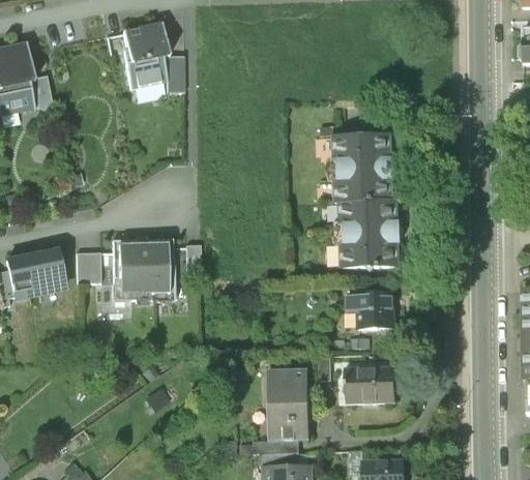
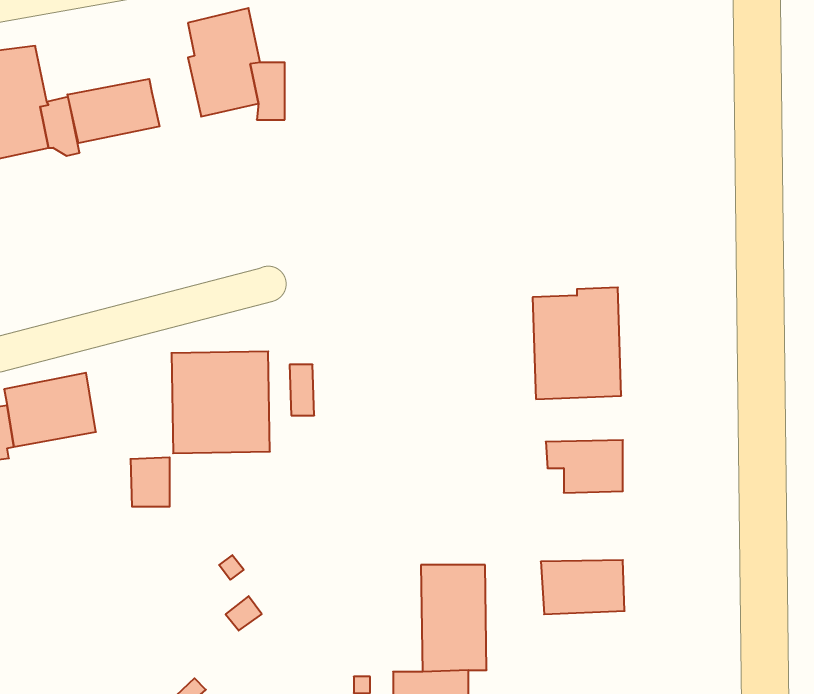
building: none -> [67,79,160,143]
building: [332,134,392,203] -> none
building: [75,253,99,284] -> [130,457,170,507]

